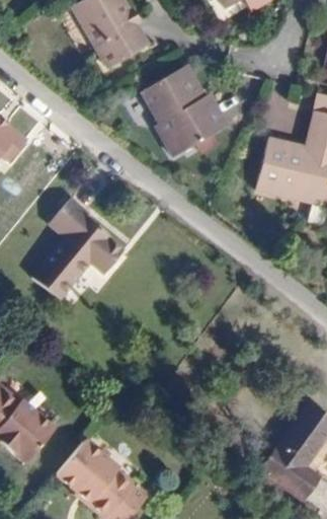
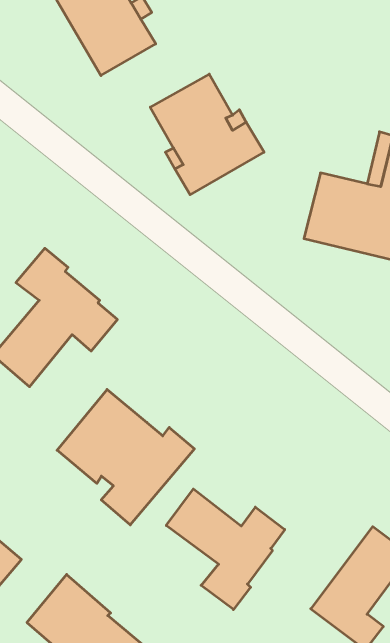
building: none -> [57,389,194,525]
building: none -> [166,489,285,610]

